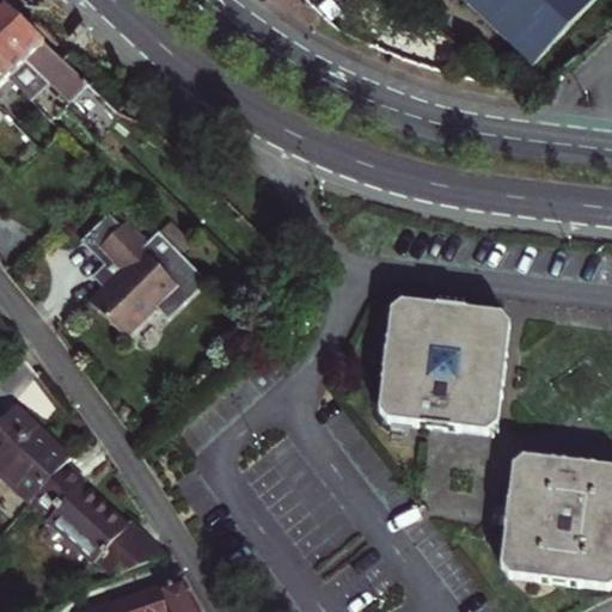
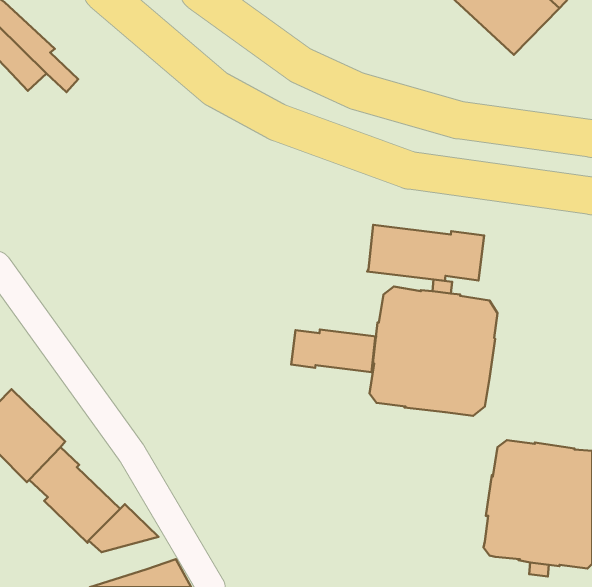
building: [94,224,220,348] -> none
building: none -> [367,225,484,281]
building: none -> [291,330,376,372]

